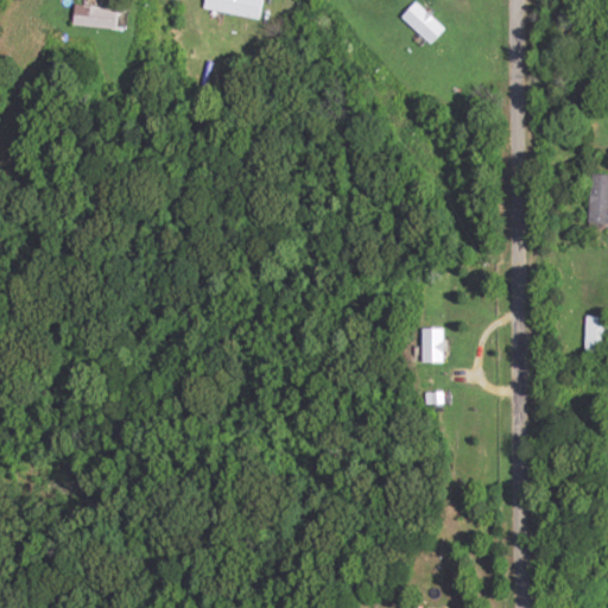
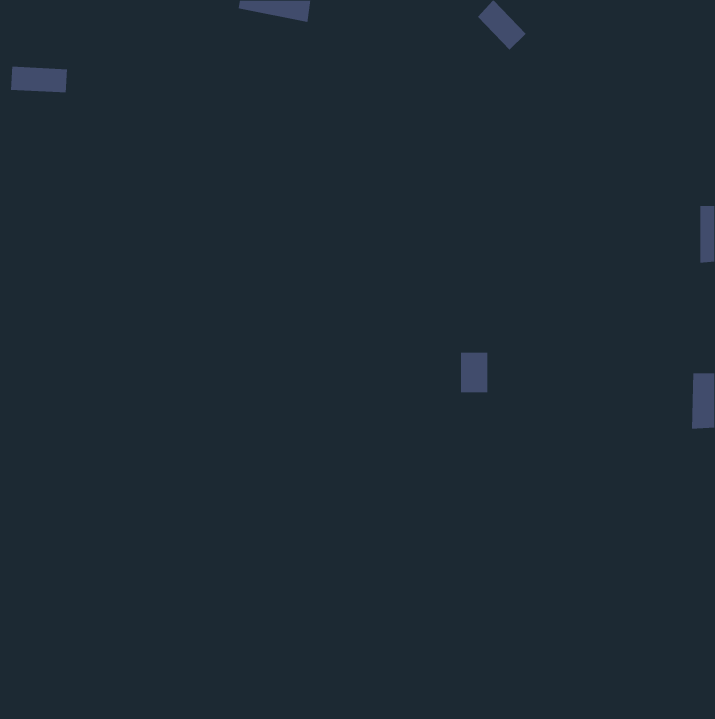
building: [72,5,121,27] -> [10,66,68,93]
building: [419,328,443,362] -> [460,352,488,393]

